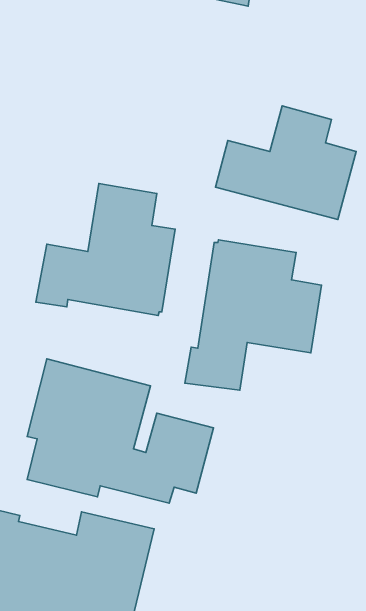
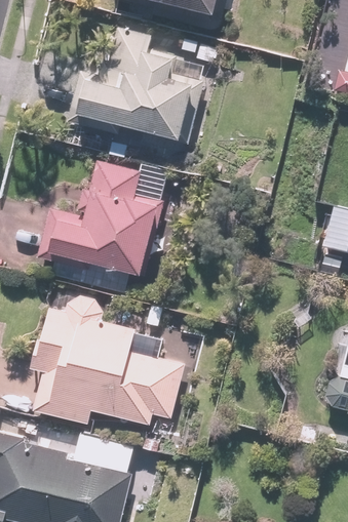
building: [216,106,356,219] -> [80,47,197,142]
building: [185,240,322,390] -> none

